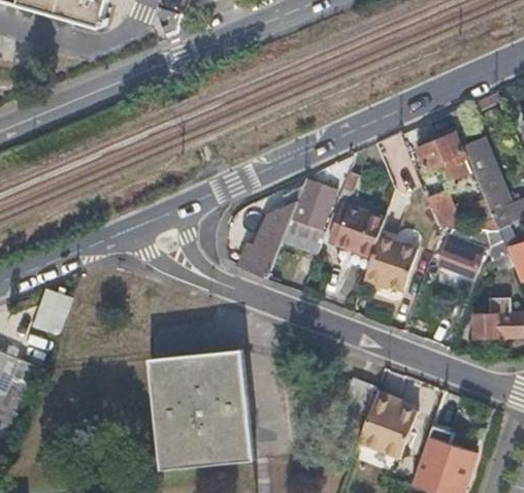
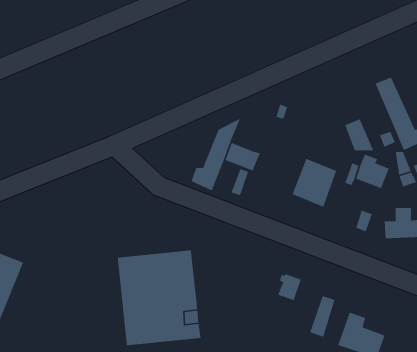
building: [418,134,468,180] -> none
building: [289,182,333,230] -> none
building: [328,210,381,255] -> none
building: [39,290,73,332] -> none
building: [358,396,399,451] -> none

